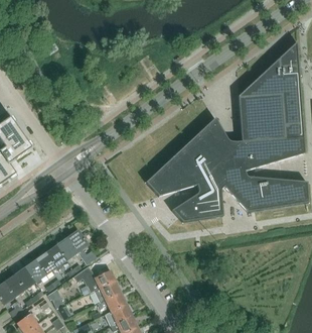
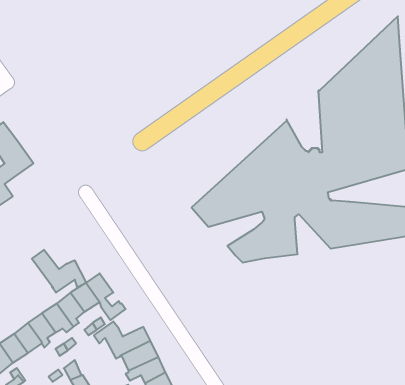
building: none -> [32,250,86,293]

